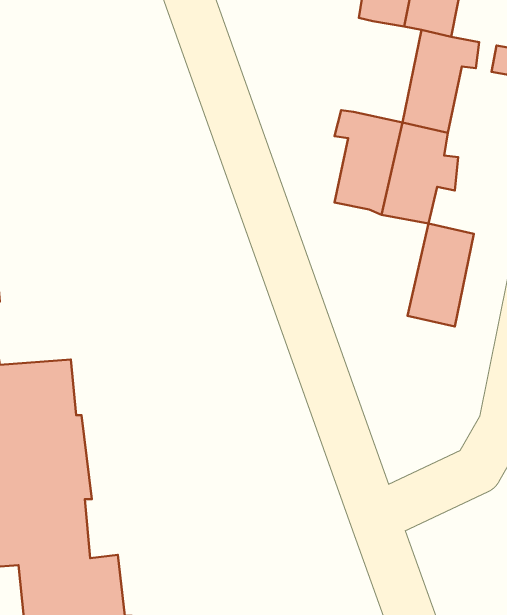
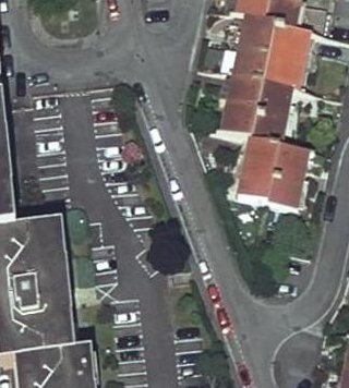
building: none -> [229,14,276,77]
building: none -> [239,132,280,198]

